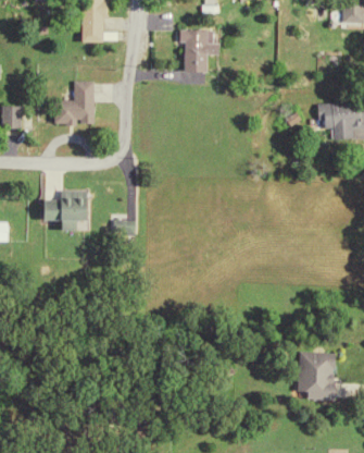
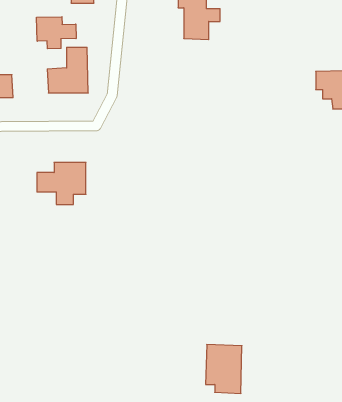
building: none -> [37,17,76,49]
building: [296,351,330,397] -> [206,345,242,393]

